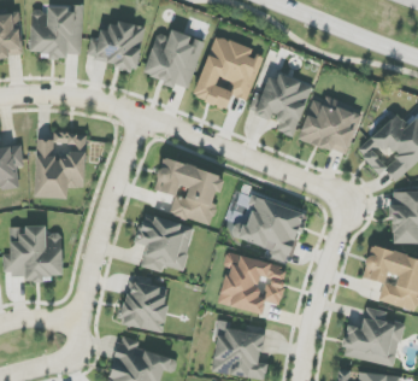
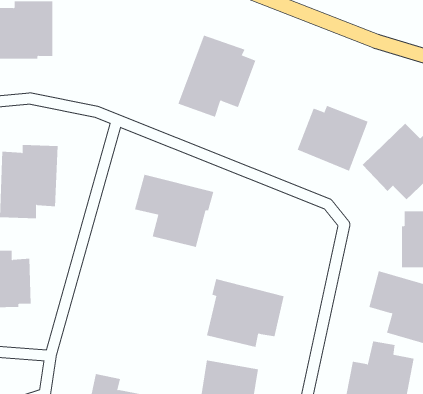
building: [86,19,143,68] -> none
building: [142,29,204,88] -> none
building: [254,71,310,136] -> none
building: [236,197,307,262] -> none
building: [136,213,193,270] -> none
building: [119,279,167,332] -> none

